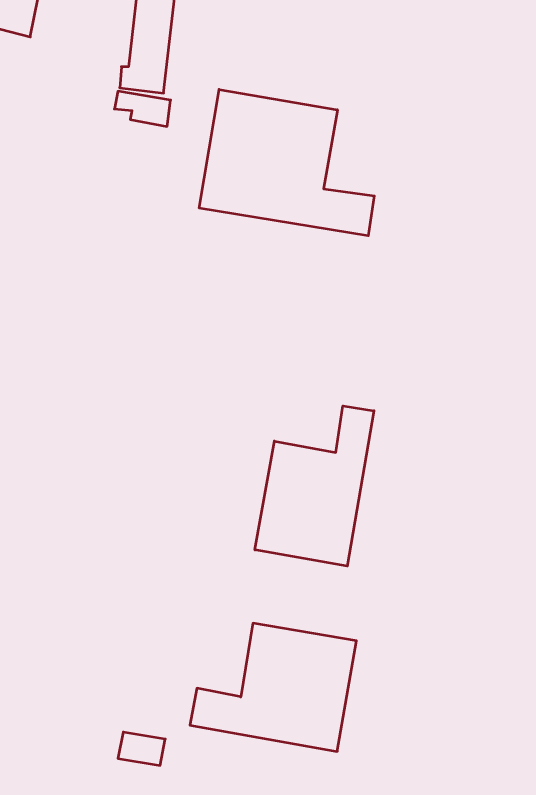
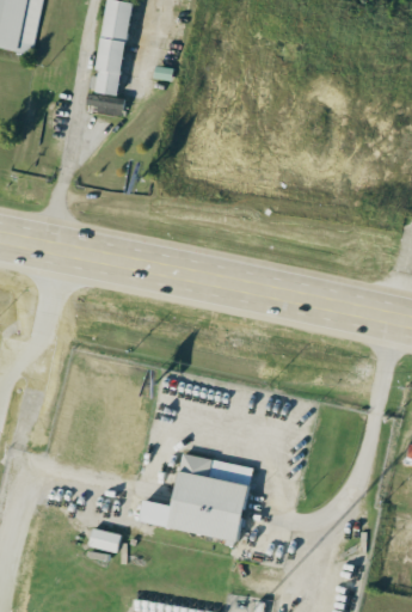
building: [199,89,374,236] -> none
building: [255,406,374,566] -> none

